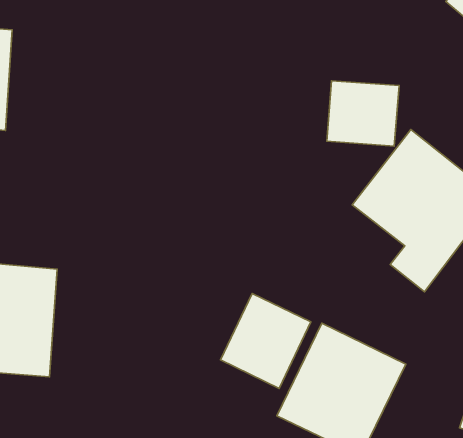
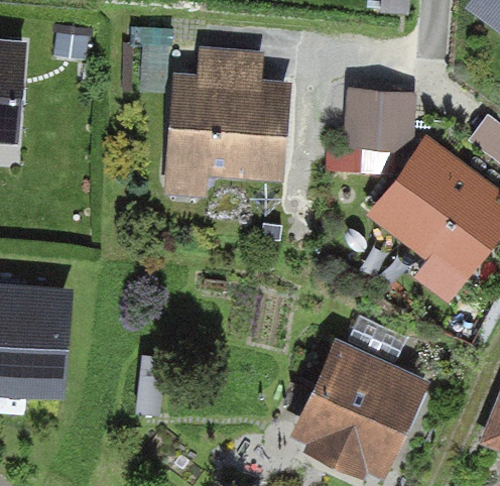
building: none -> [171,52,288,198]
building: [221,294,311,388] -> none

